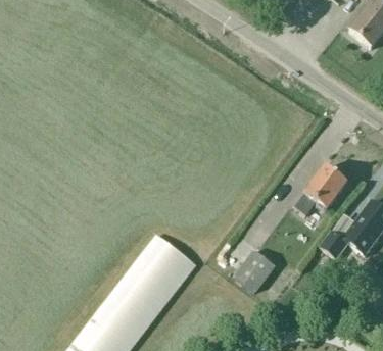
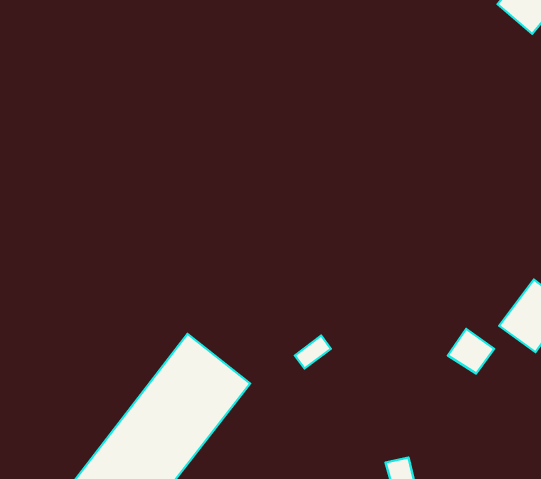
building: [295,164,347,213] -> none
building: [232,248,275,290] -> none

